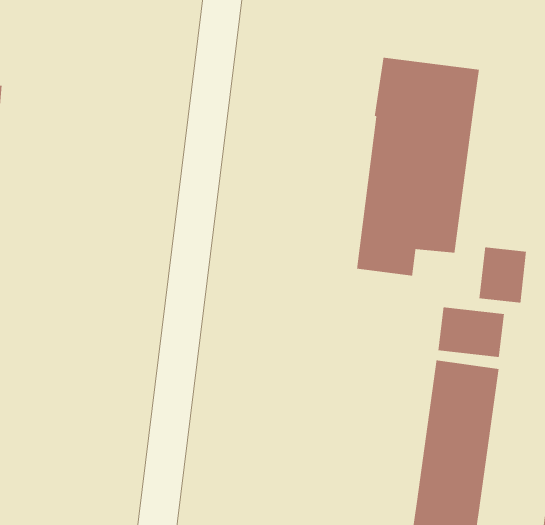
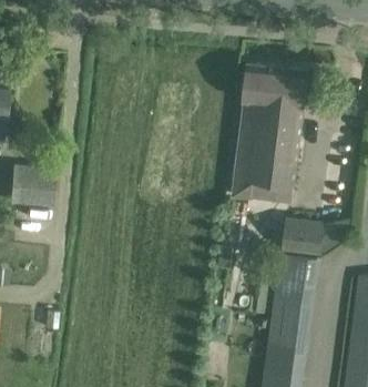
building: none -> [20,167,55,207]
building: [479,247,527,303] -> none

